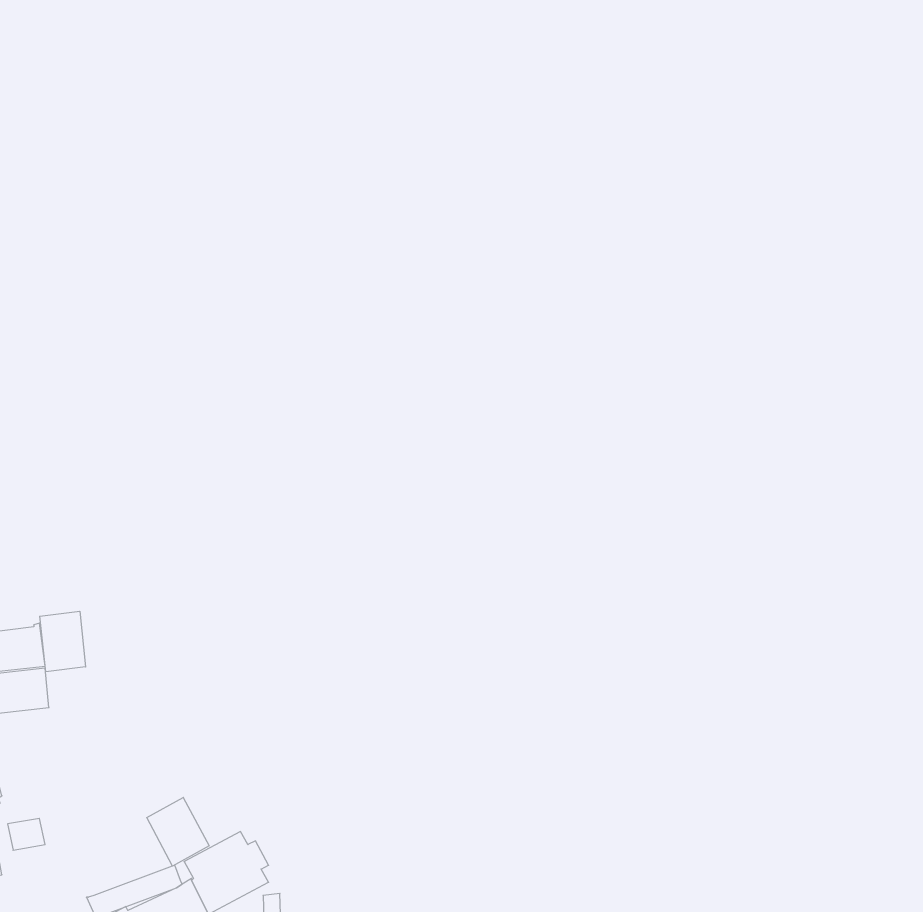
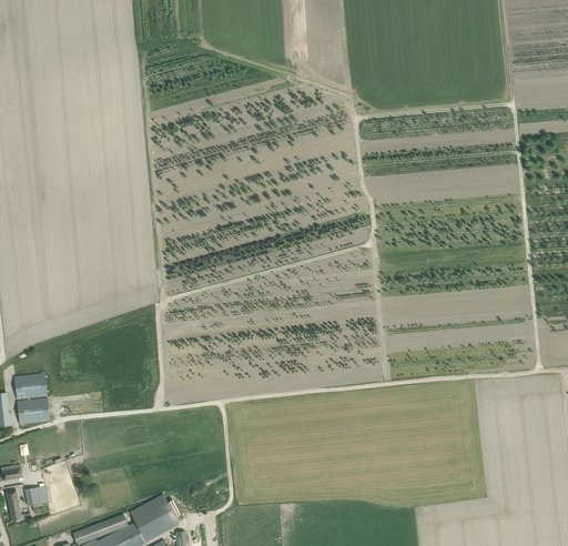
building: [40,611,86,672] -> none
building: [147,797,209,866] -> none

